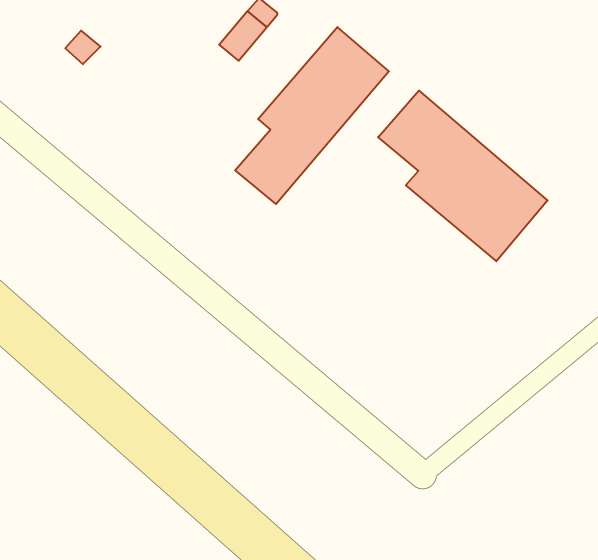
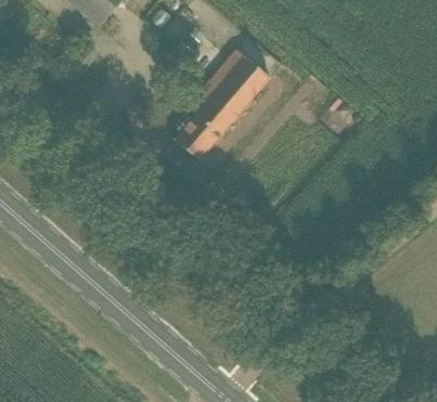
building: [378,91,548,261] -> none

